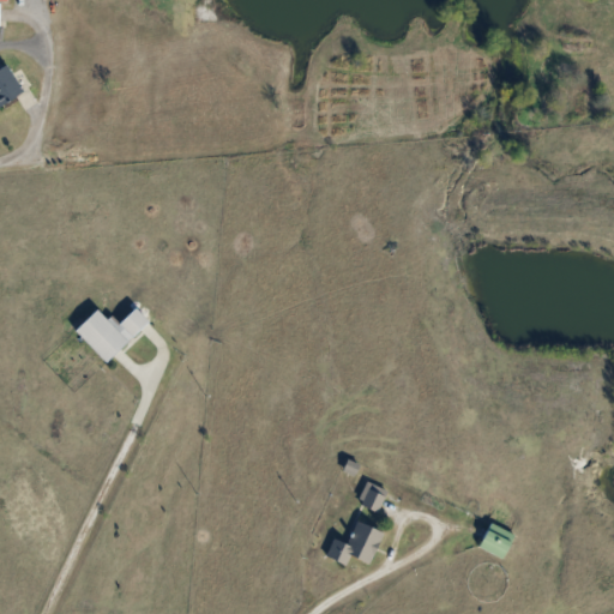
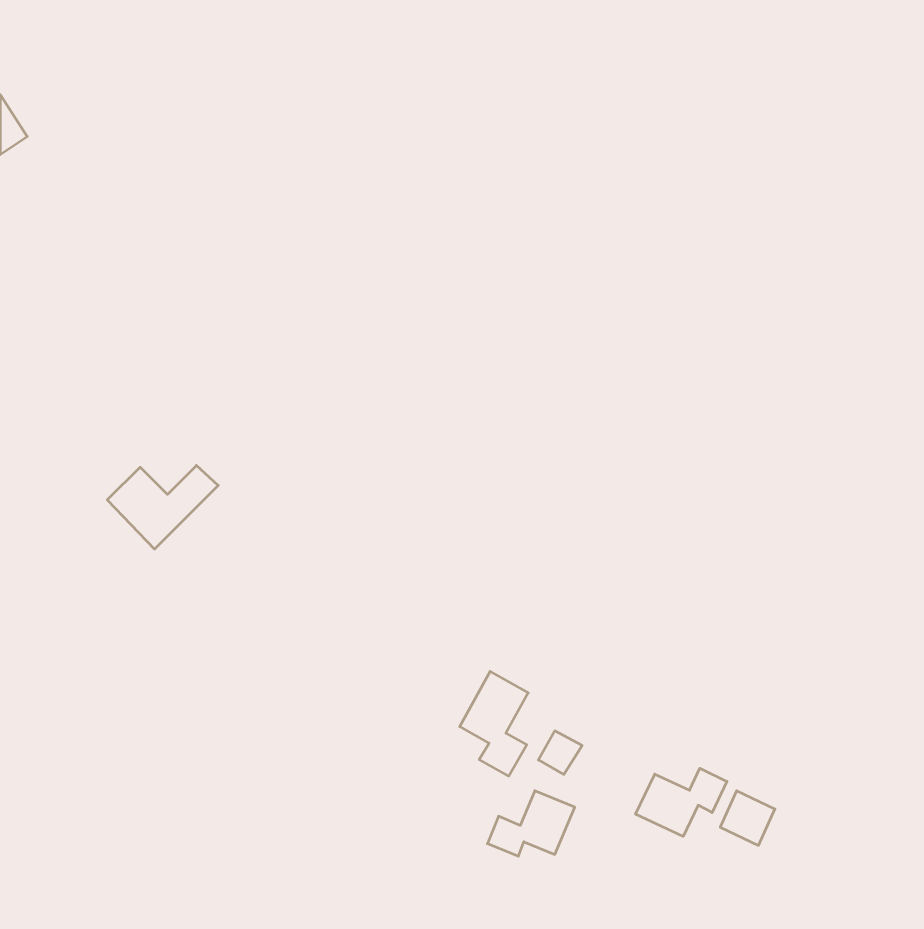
building: none -> [460,671,528,776]
building: none -> [636,768,727,836]

